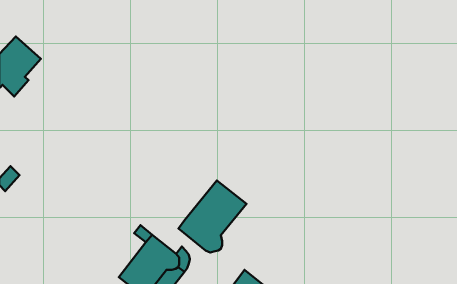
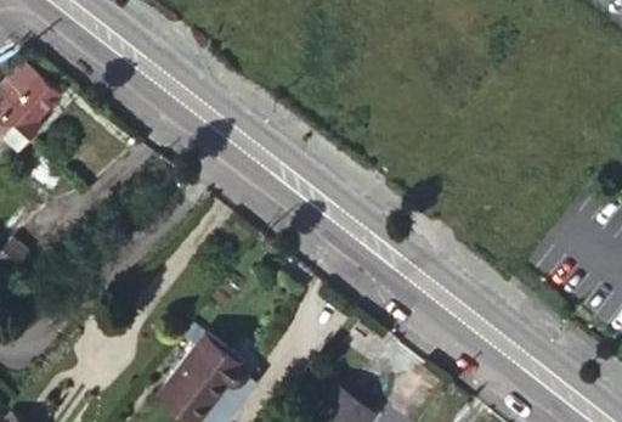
building: [178,181,246,252] -> none

